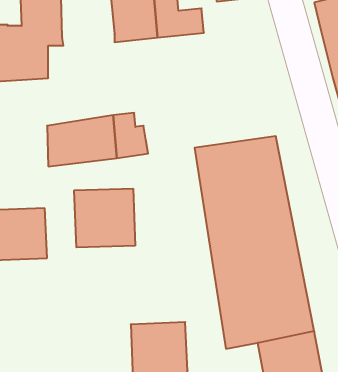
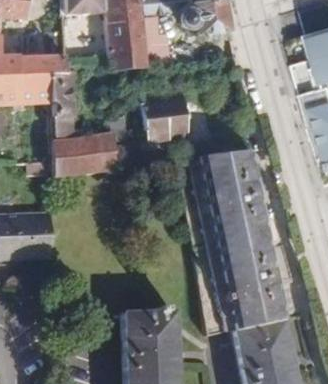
building: none -> [50,72,74,138]
building: none -> [140,94,187,140]
building: [74,189,135,247] -> none

